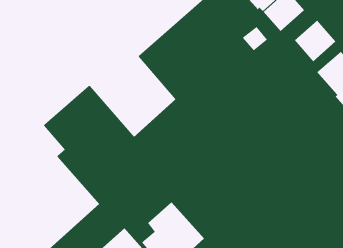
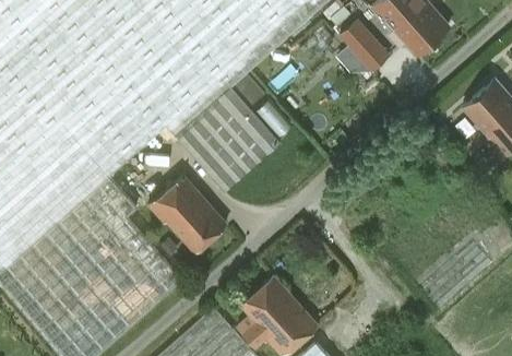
building: none -> [338,17,382,63]
building: [294,20,336,62] -> none
building: none -> [150,174,227,250]

